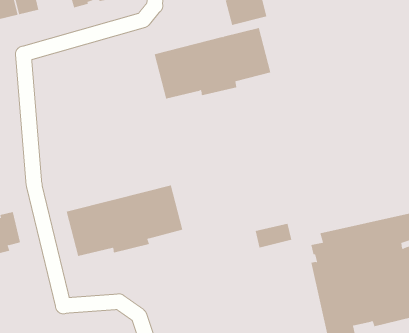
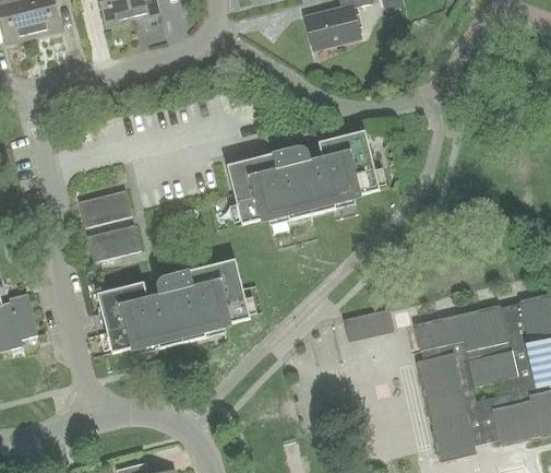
building: [154,27,271,99] -> [226,130,380,224]
building: none -> [77,190,132,227]
building: none -> [86,225,141,262]

